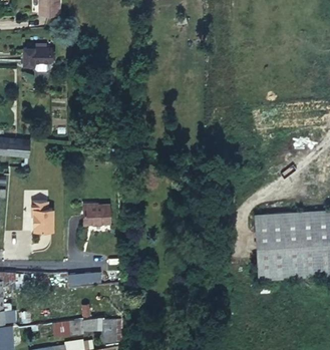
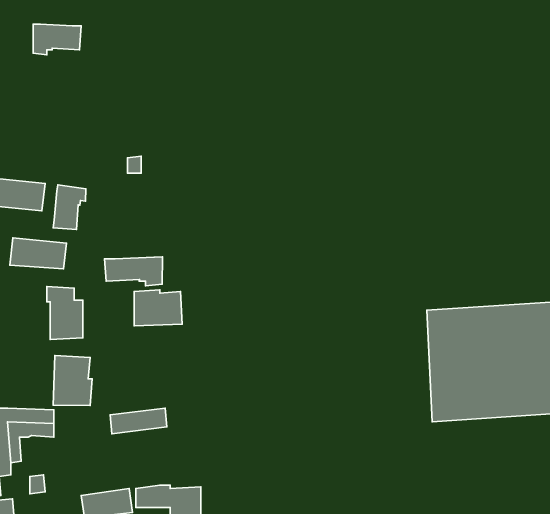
building: none -> [53,185,86,230]
building: none -> [10,238,66,269]
building: none -> [104,257,163,286]
building: none -> [53,356,92,405]

